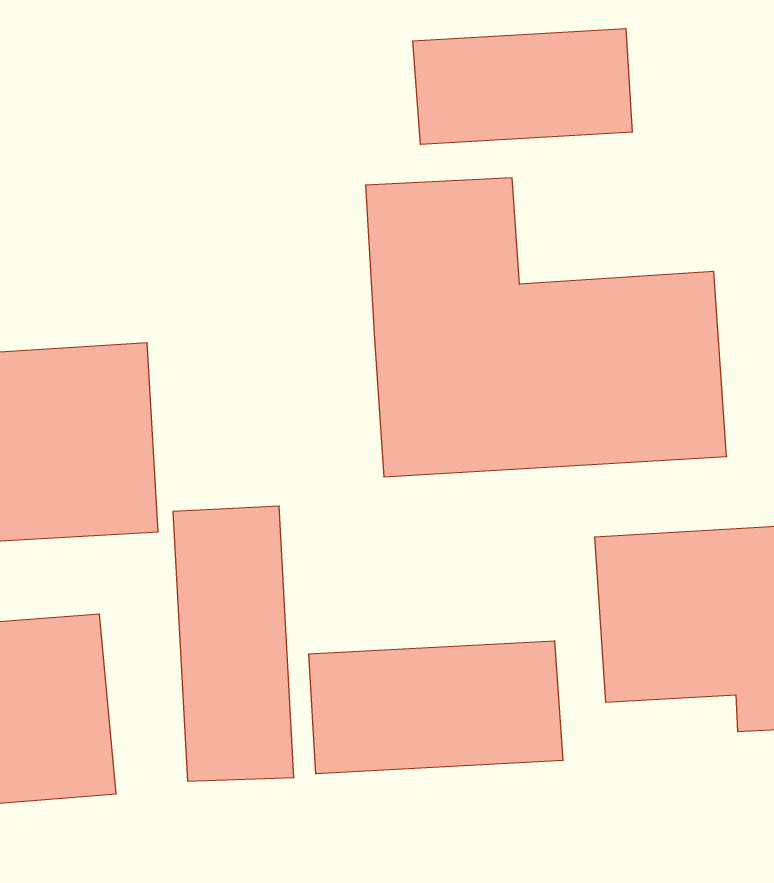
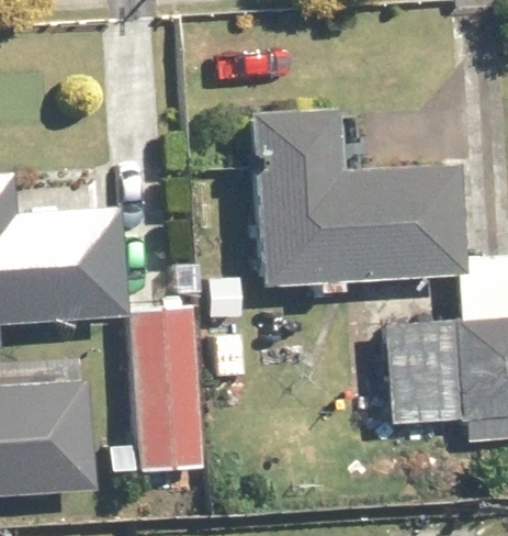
building: [413,28,632,145] -> none
building: [309,641,563,774] -> none

